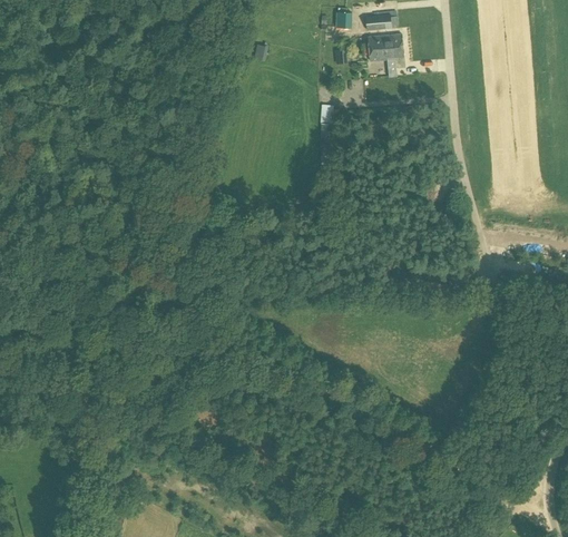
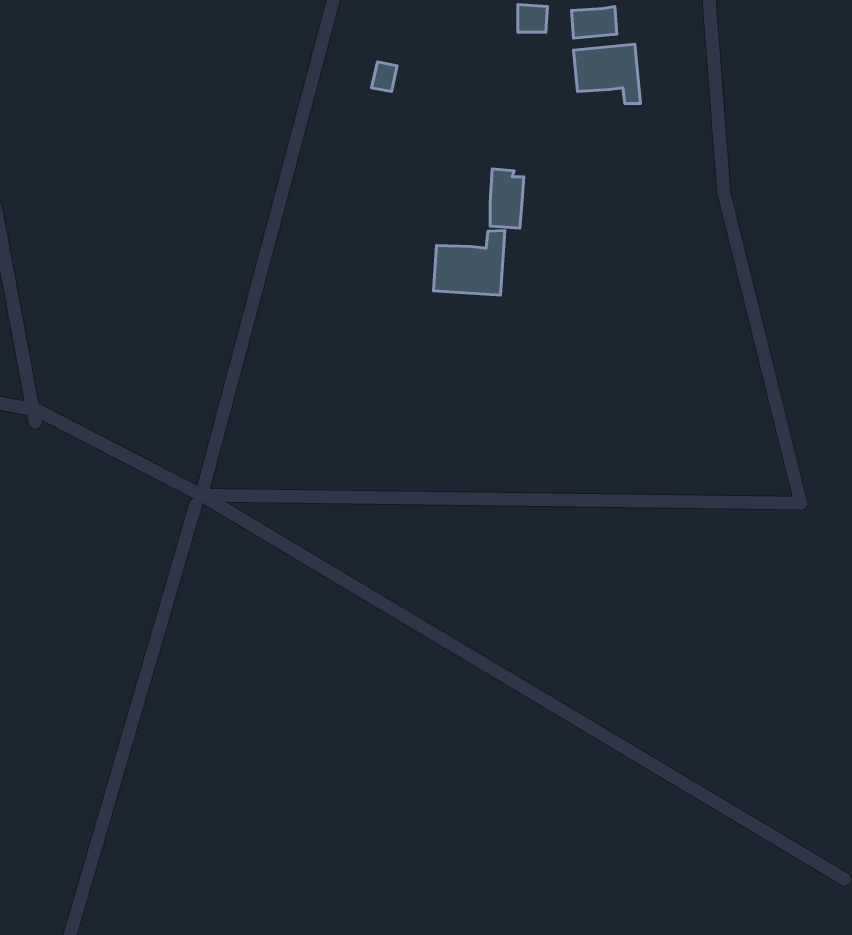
building: none -> [433,231,505,295]

